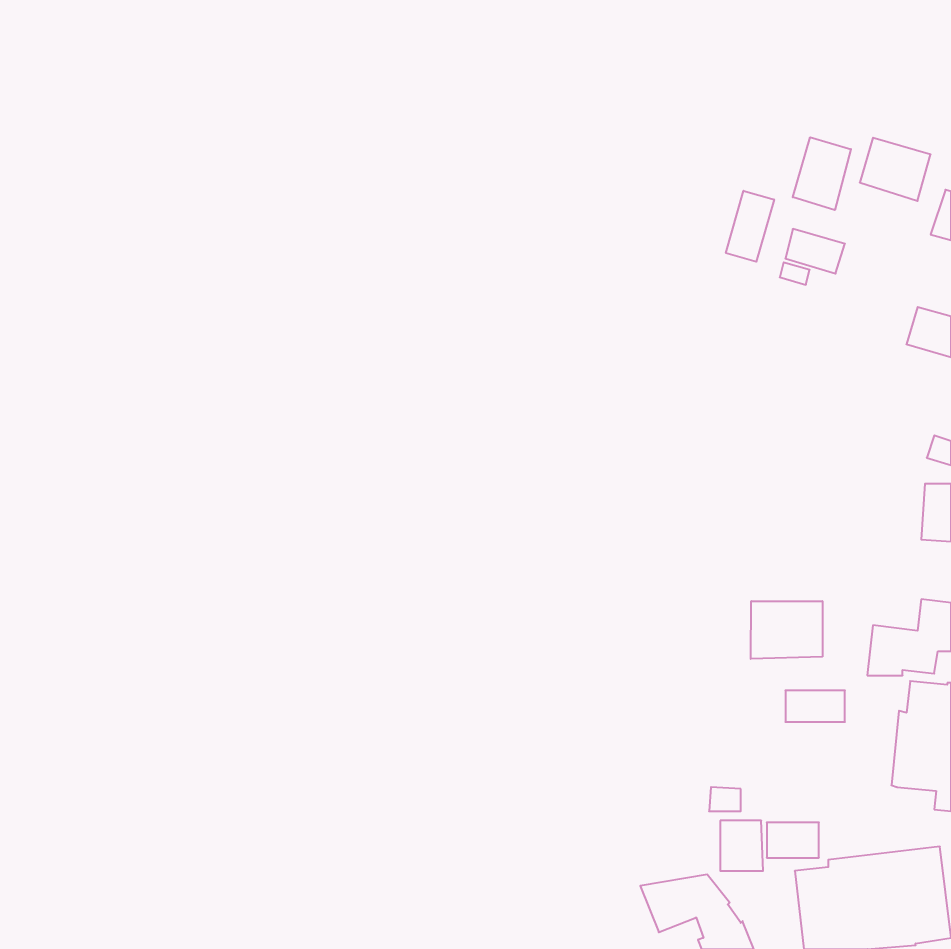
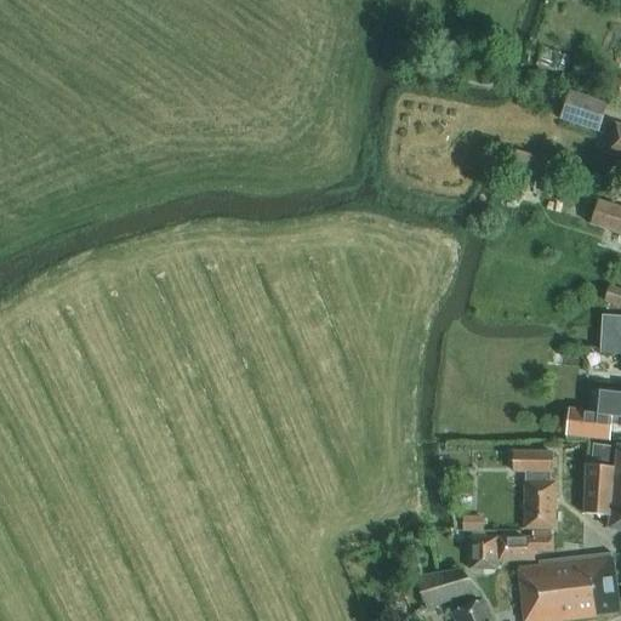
building: [793,137,851,210] -> none
building: [726,191,774,262] -> none
building: [751,601,822,659] -> none
building: none -> [524,482,557,529]

